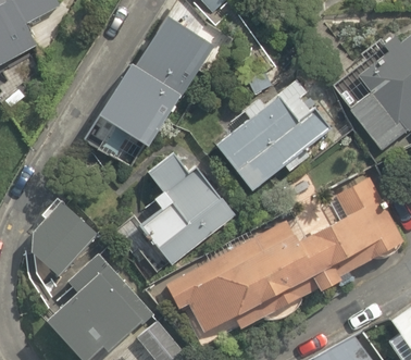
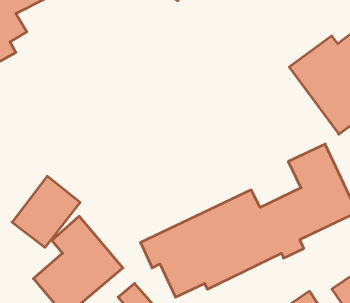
building: [104,18,213,150] -> none
building: [214,91,325,185] -> none
building: [128,151,222,257] -> none

